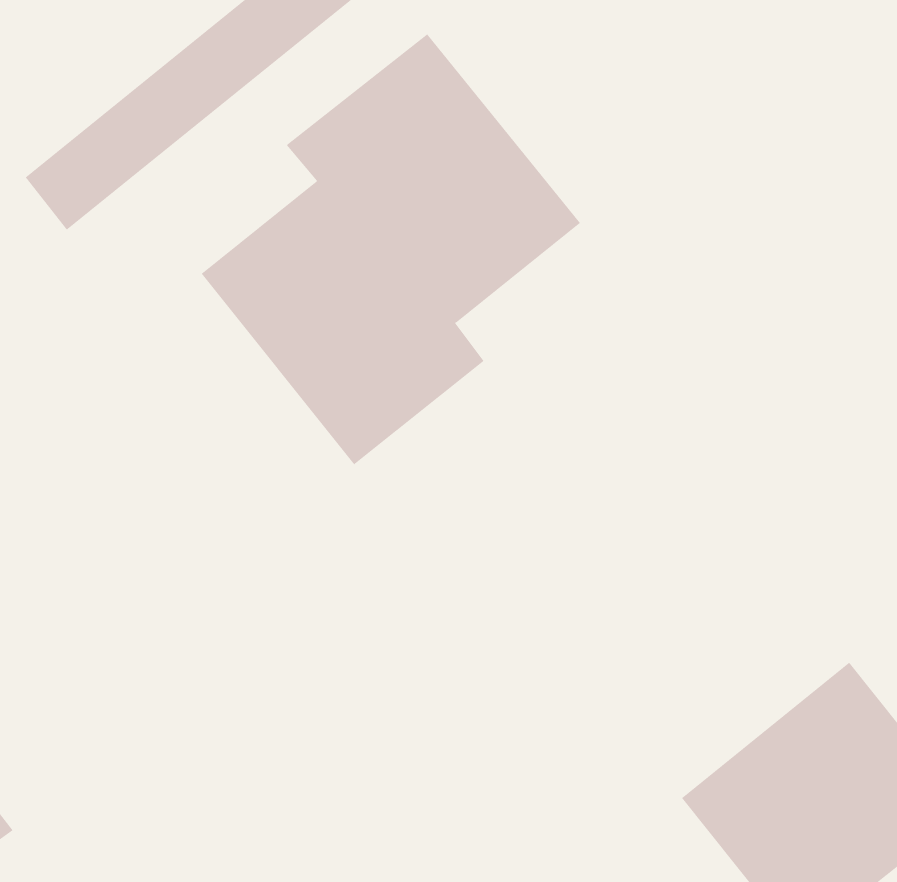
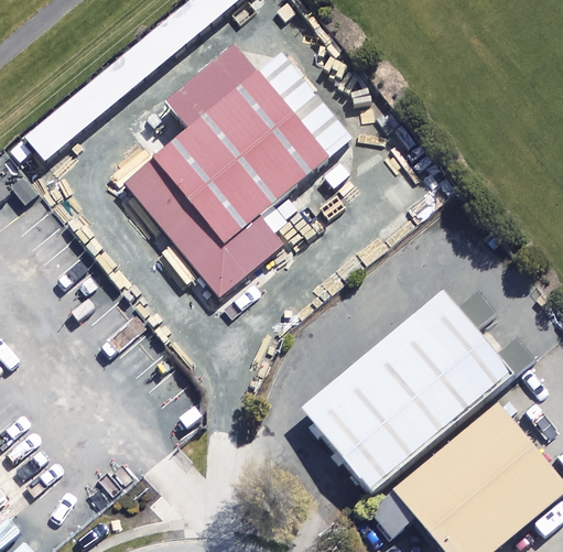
building: none -> [301,290,516,494]

